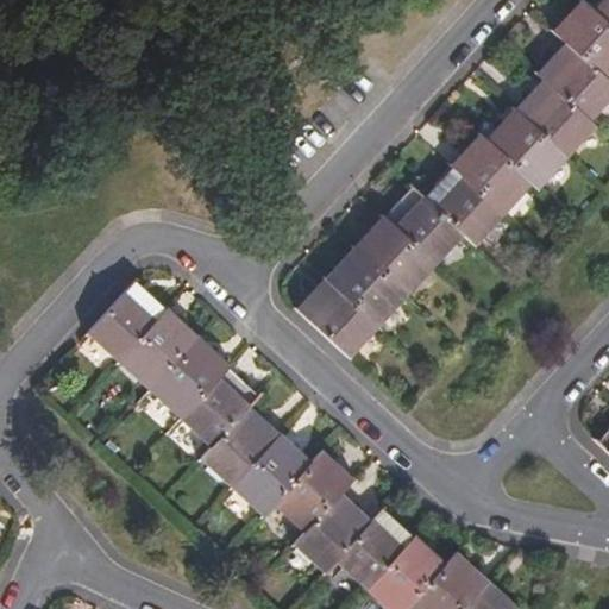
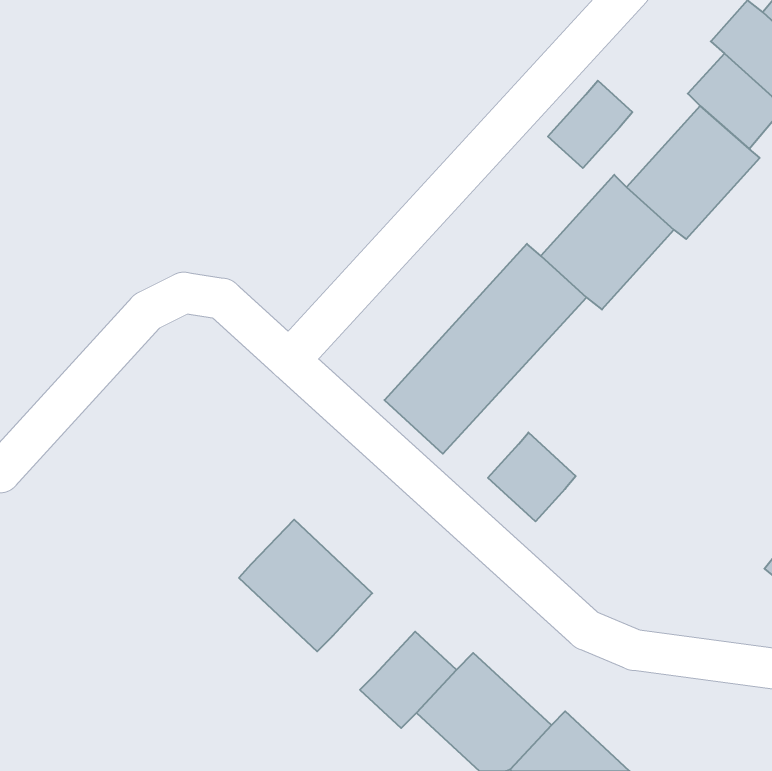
building: none -> [548,81,632,168]
building: [83,280,247,438] -> none
building: none -> [488,432,576,521]
building: [266,447,343,525] -> none

